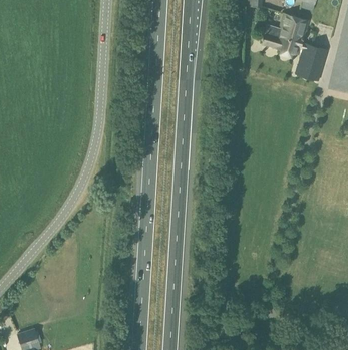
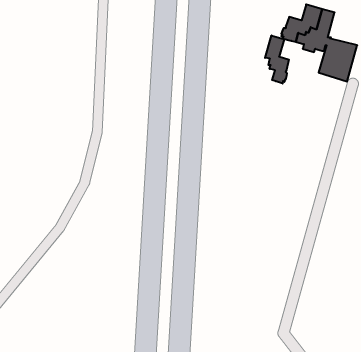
building: none -> [265,35,289,84]

